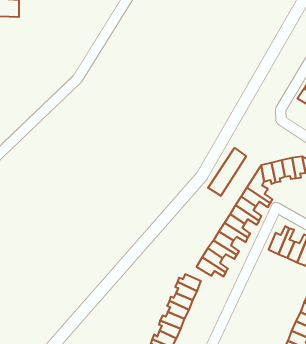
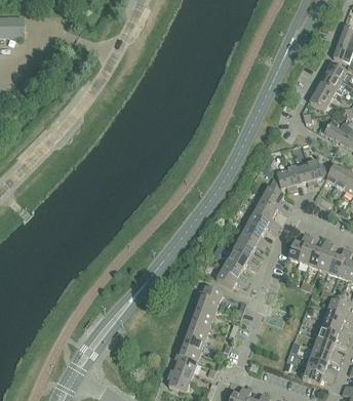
building: [208,148,246,196] -> none

